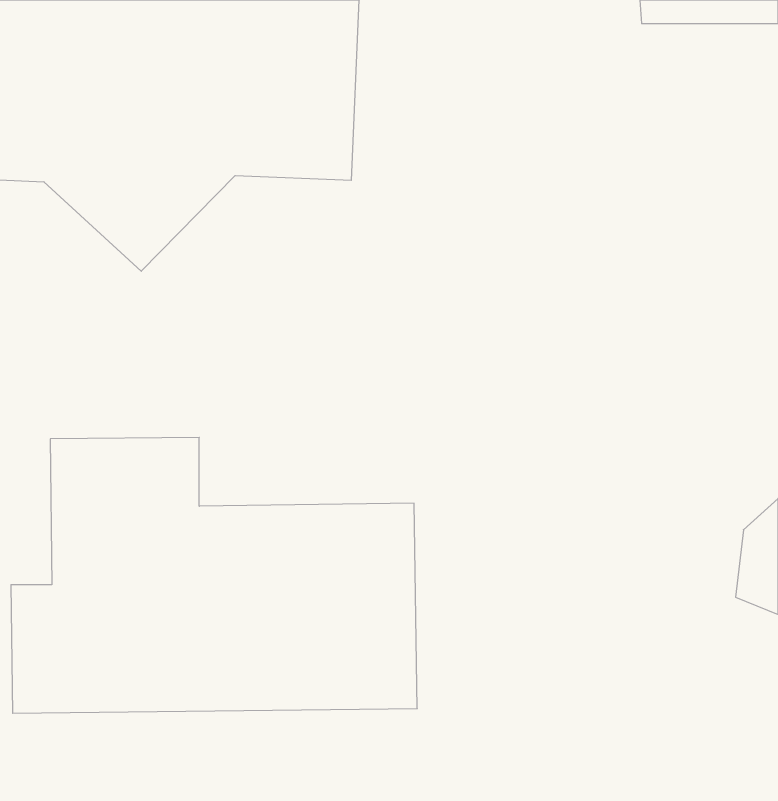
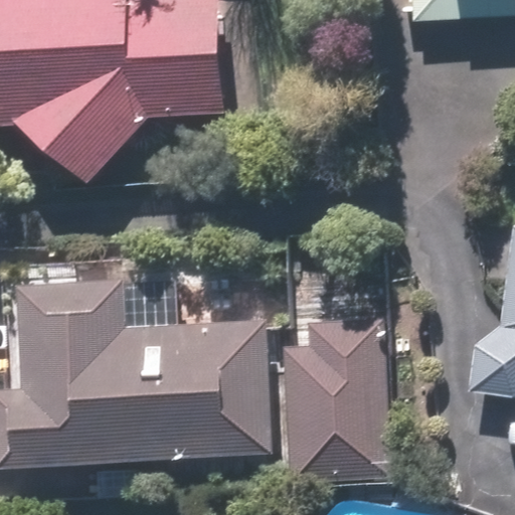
building: none -> [278,320,386,479]

